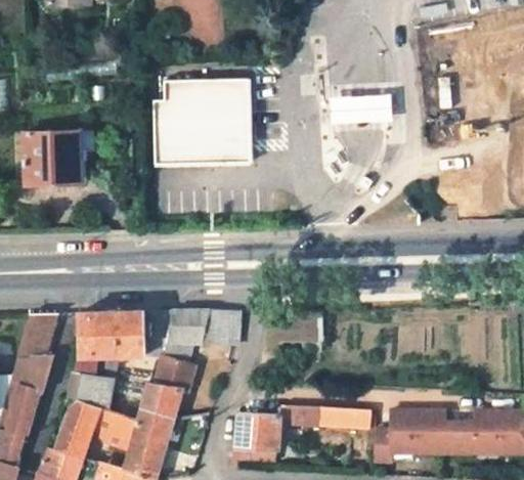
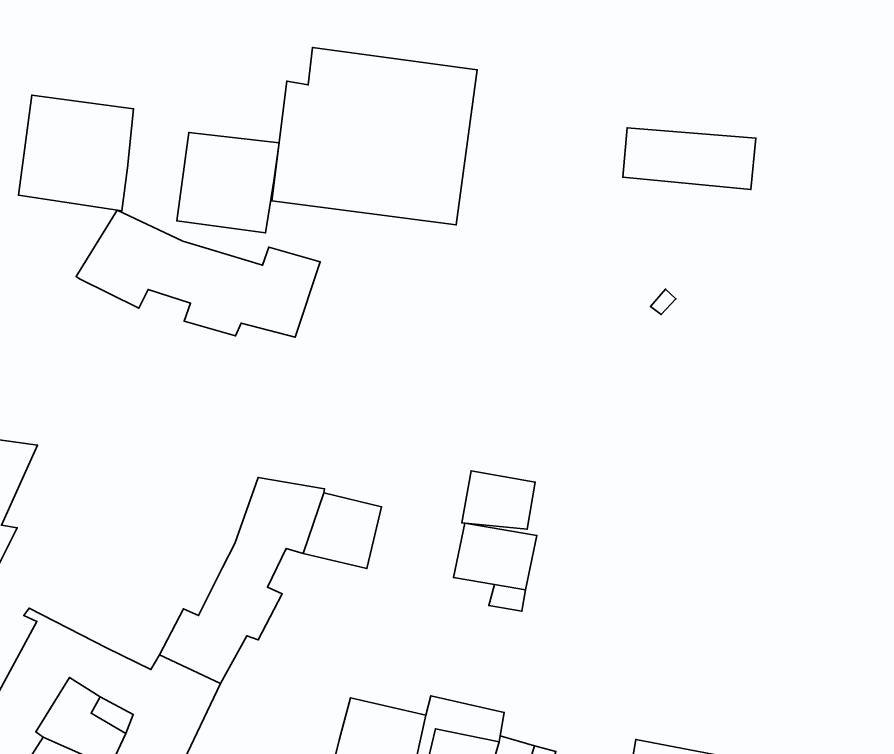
building: none -> [177,132,279,233]
building: none -> [76,210,320,337]
building: none -> [462,471,535,529]
building: [69,308,174,408] -> none

